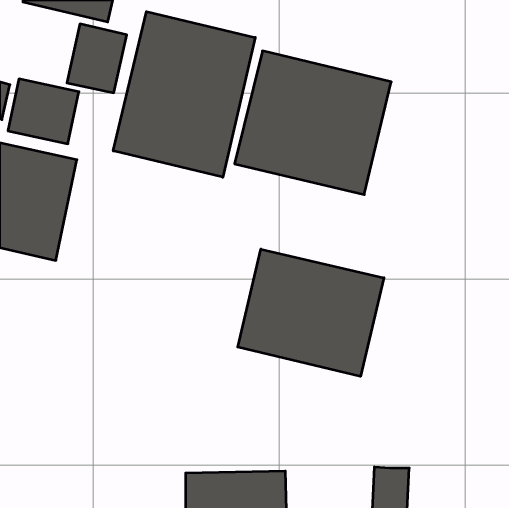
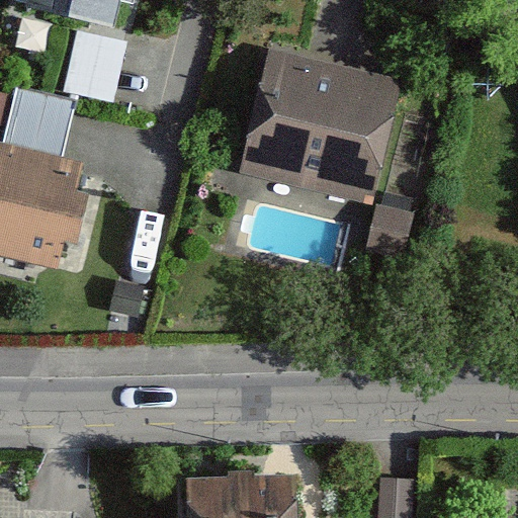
building: [113,12,255,177] -> none
building: [238,249,384,376] -> none

